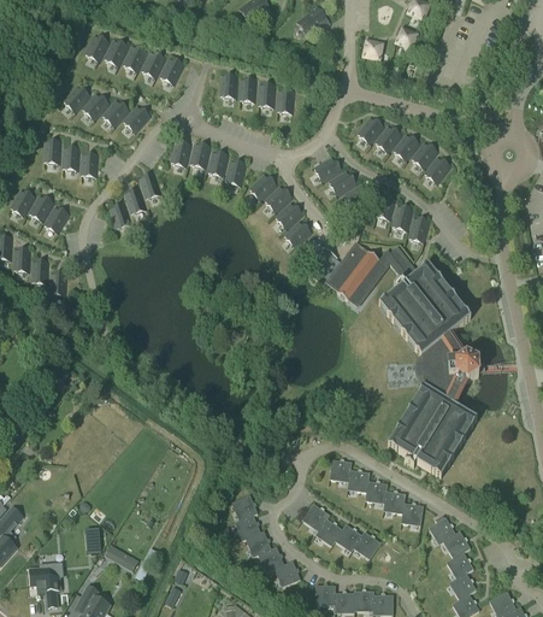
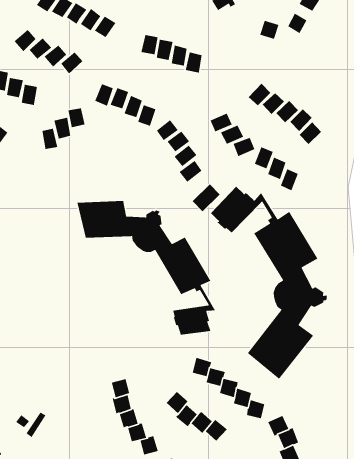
building: none -> [76,200,216,336]

